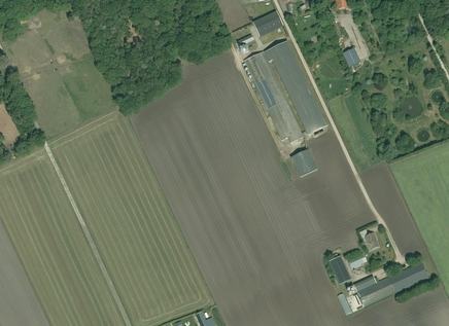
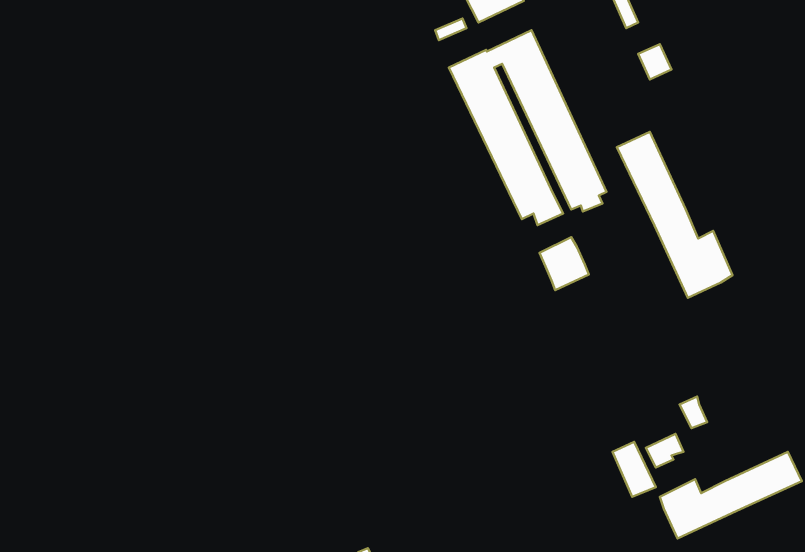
building: none -> [617,132,732,298]

